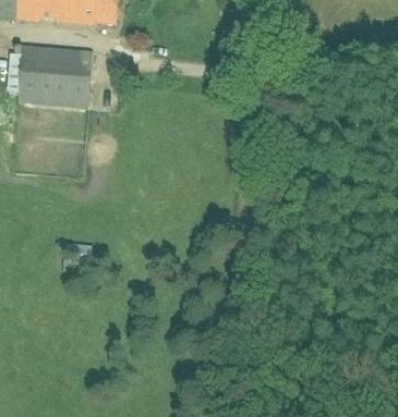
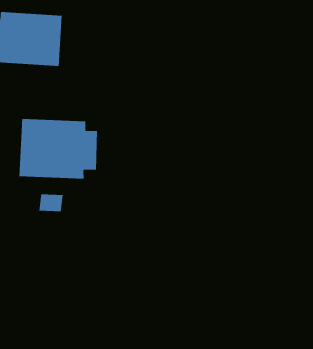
building: none -> [19,118,97,180]

